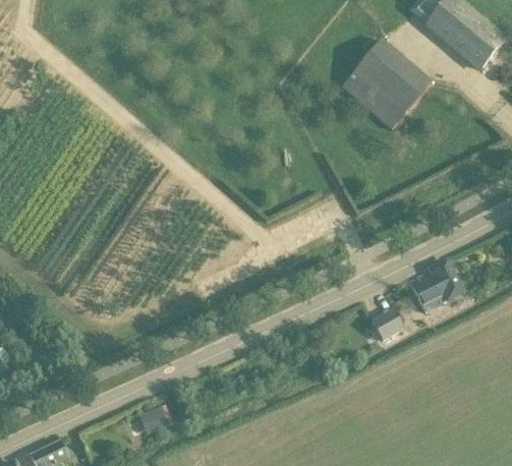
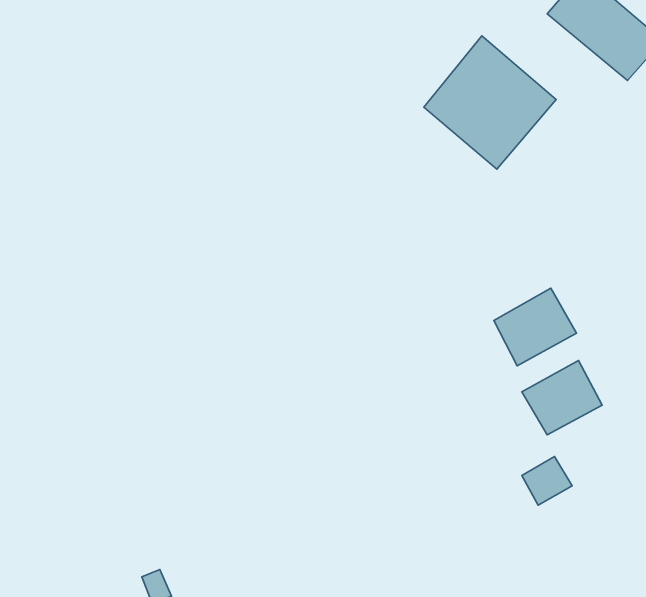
building: none -> [494,288,577,366]
building: [369,306,404,340] -> [522,456,572,505]

